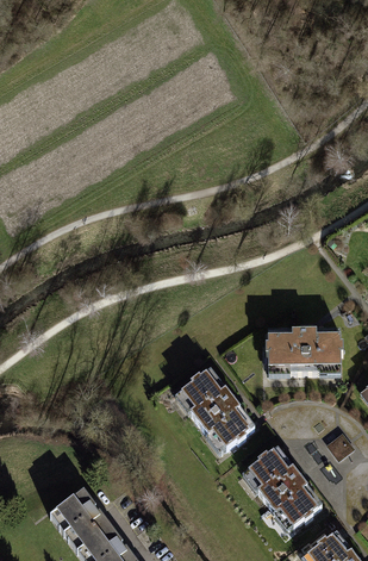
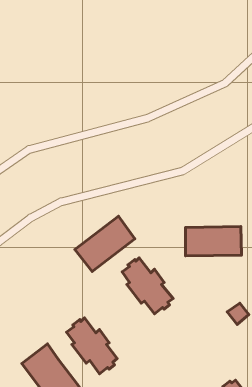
building: none -> [75,216,135,271]
building: [249,451,317,526] -> [67,318,117,374]

